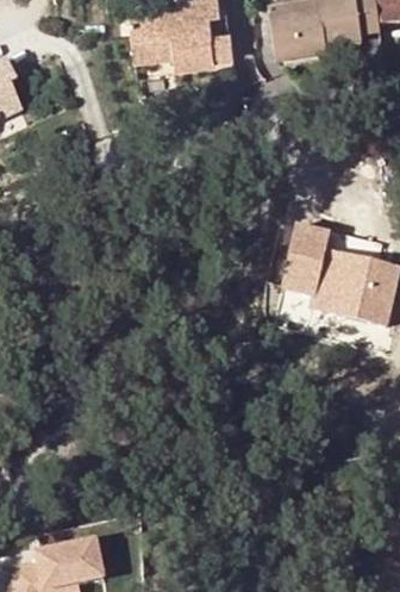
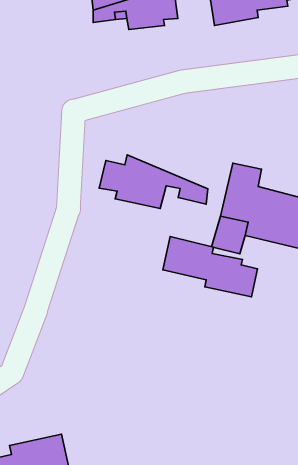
building: none -> [99,155,208,208]
building: none -> [163,236,257,297]

